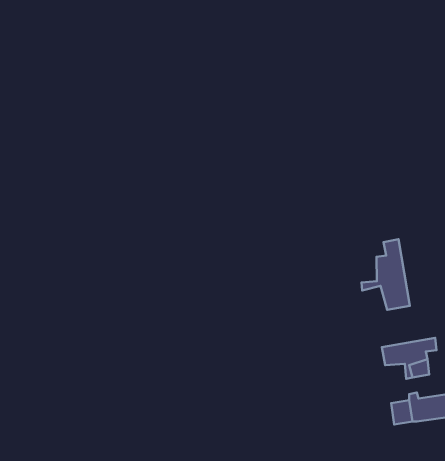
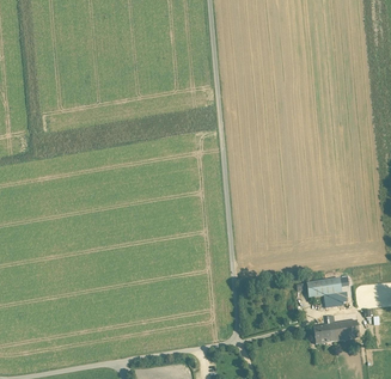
building: [361,239,410,310] -> none

